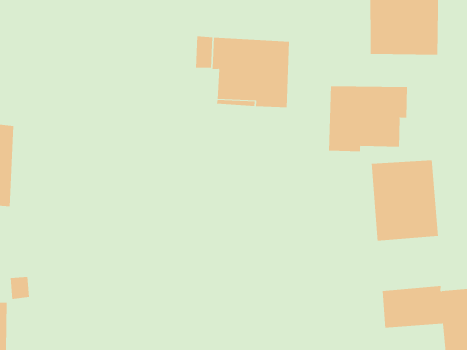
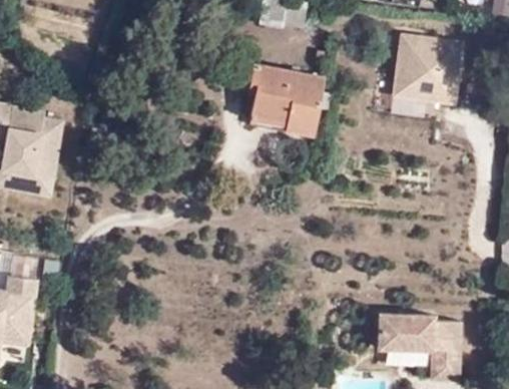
building: [328,86,408,152] -> none
building: [371,160,438,241] -> none

